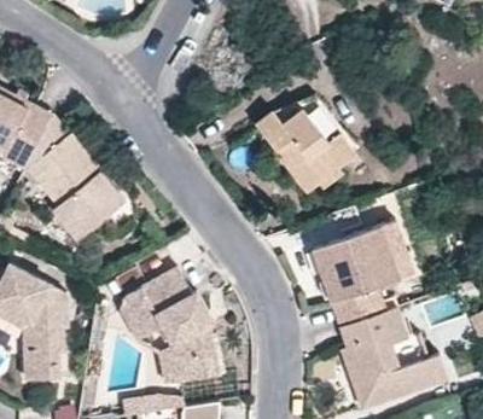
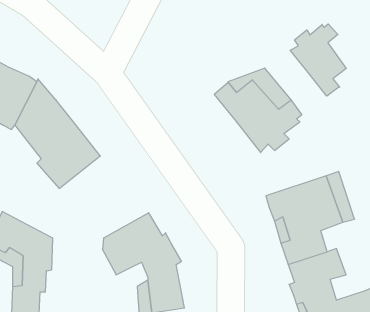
building: none -> [290,24,346,96]

